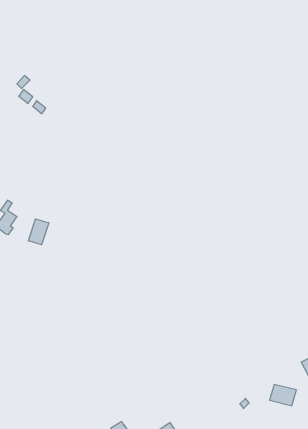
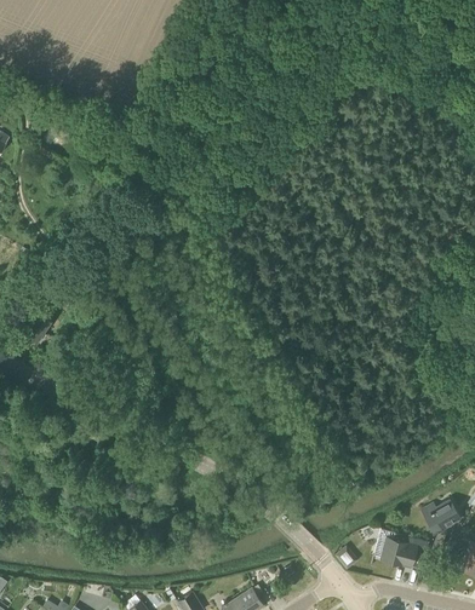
building: [28,219,49,245] -> none

